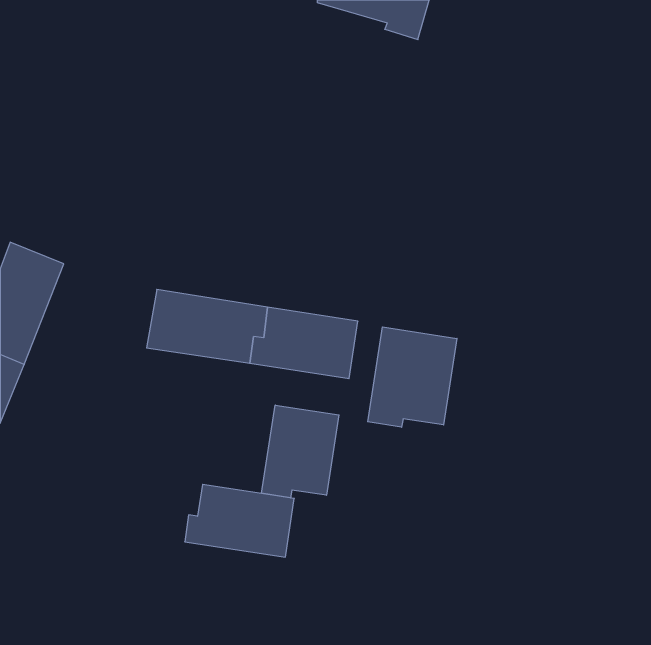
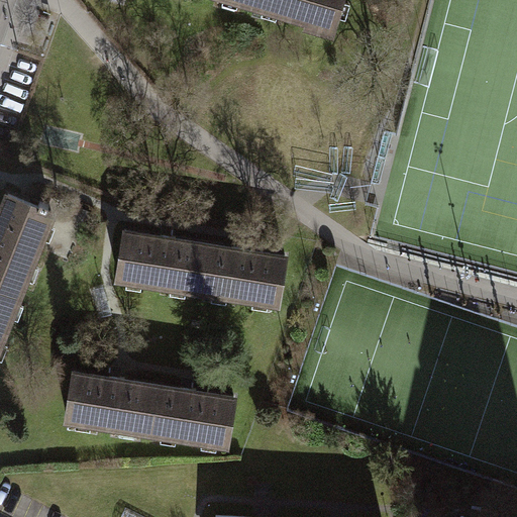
building: [368,327,457,427] -> none
building: [262,405,339,498] -> none
building: none -> [68,376,161,434]

